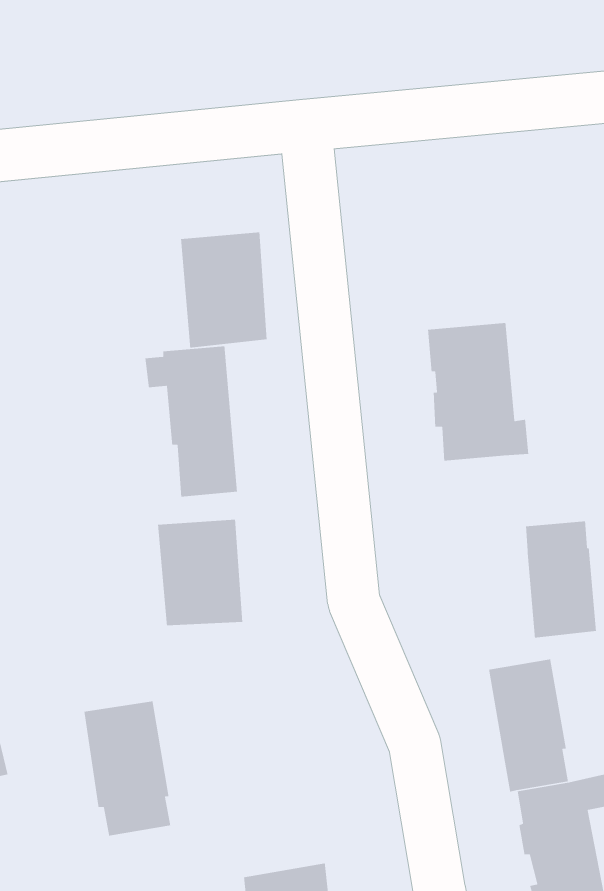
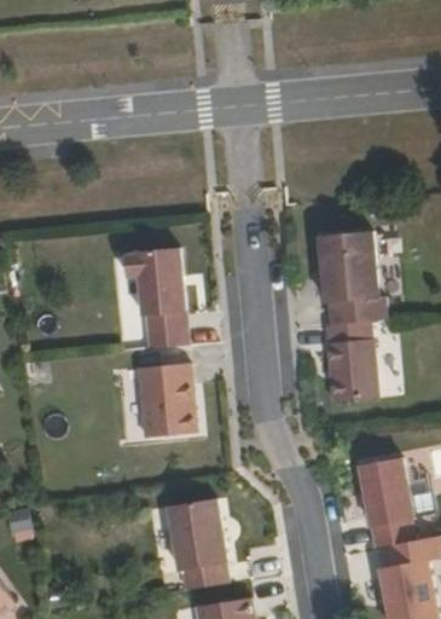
building: [180,232,268,348] -> none
building: [525,521,597,639] -> [329,322,377,401]
building: [83,700,171,836] -> [167,499,226,591]

